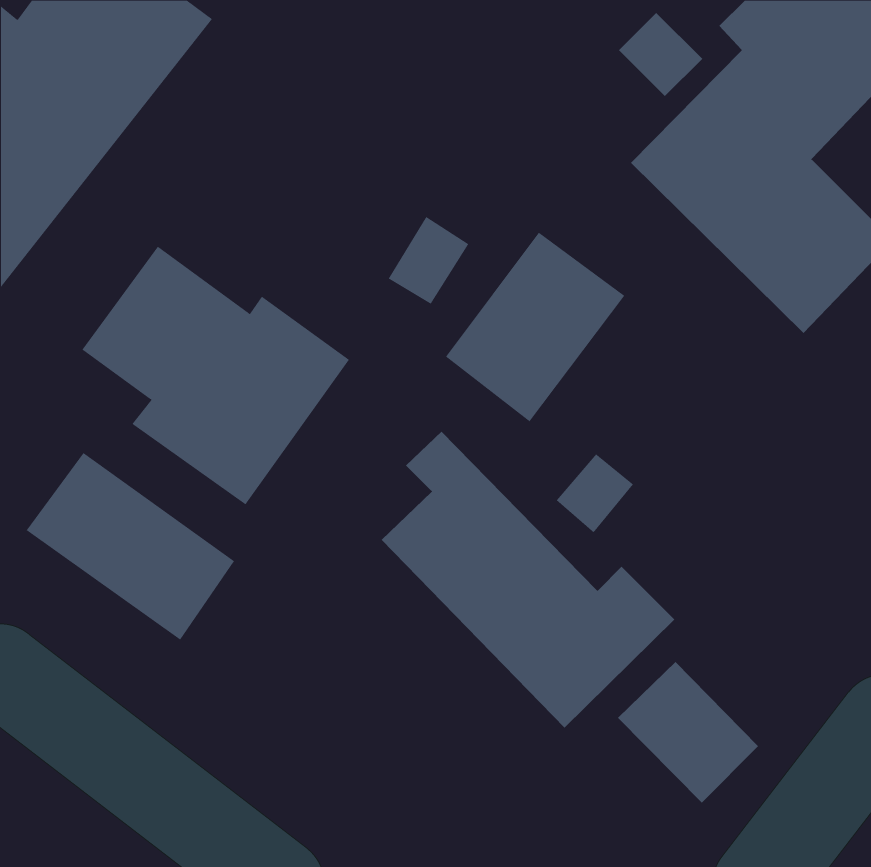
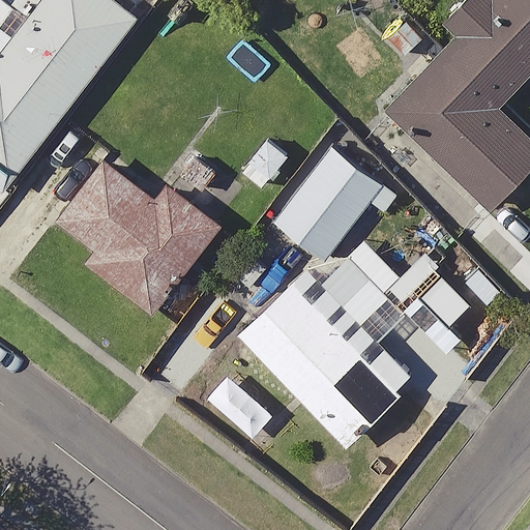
building: [26,452,235,641] -> none
building: [617,661,759,804] -> none

